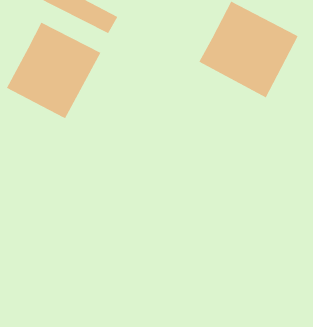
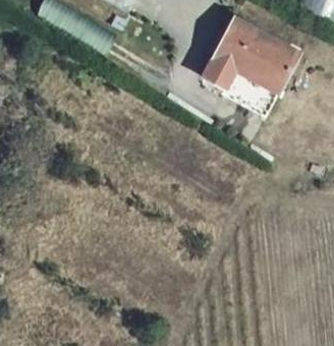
building: [6,22,101,119] -> none

